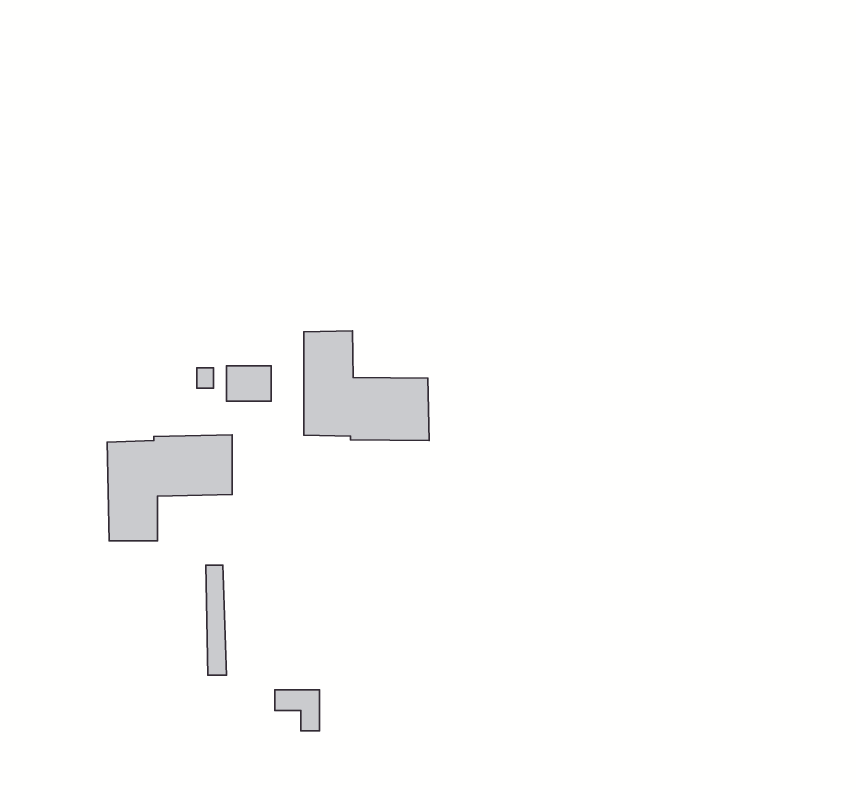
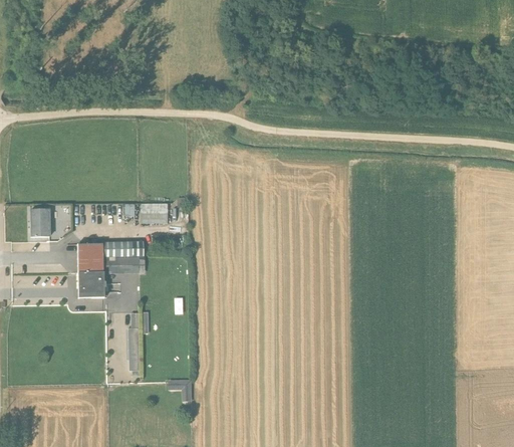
building: [304,331,429,440] -> none
building: none -> [31,209,50,236]

